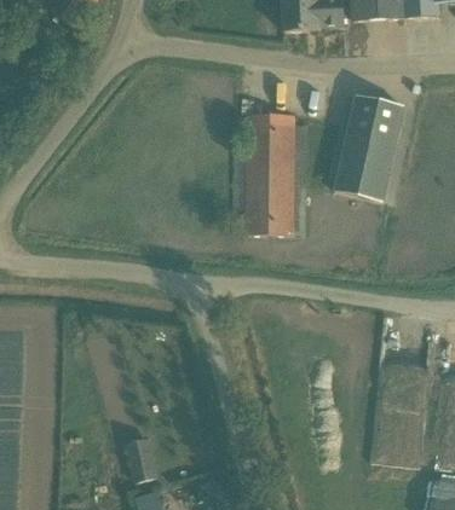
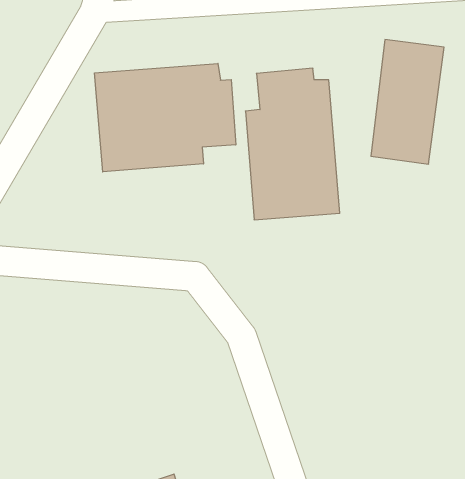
building: none -> [95,63,236,172]

